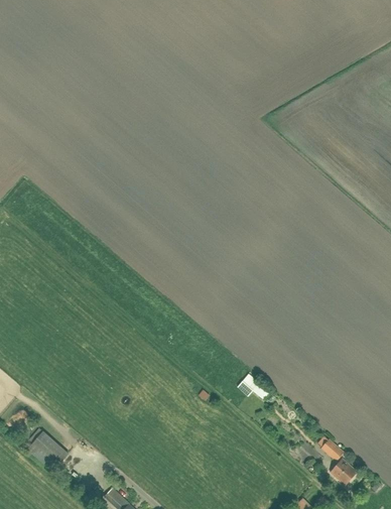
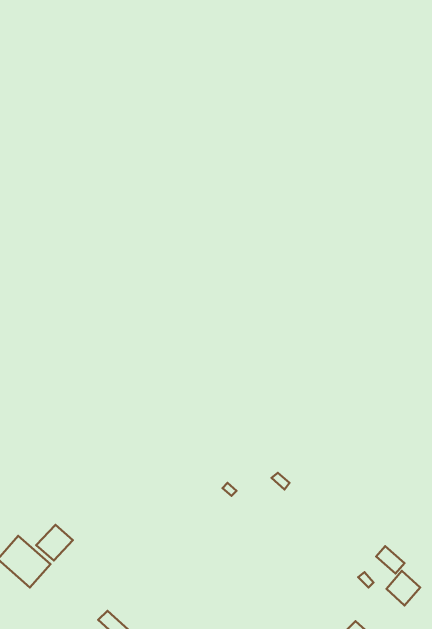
building: none -> [36,525,73,561]

